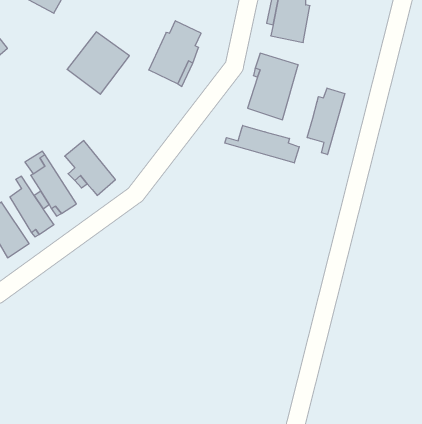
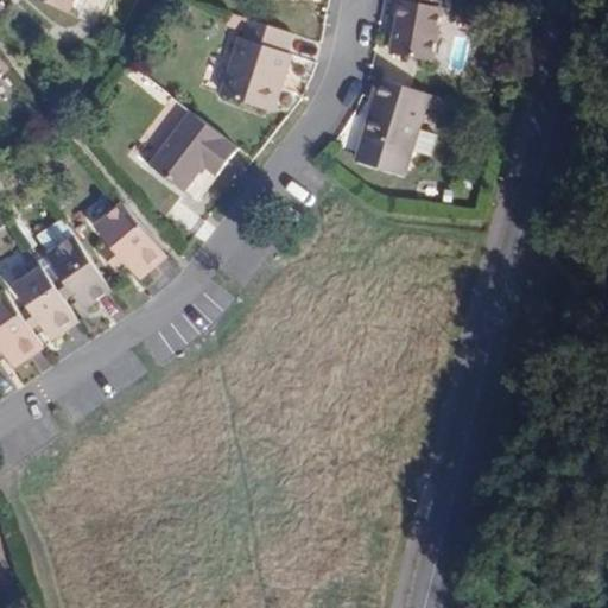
building: [67,32,129,94] -> [148,110,238,200]
building: [307,88,345,155] -> none
building: [225,125,299,163] -> none

